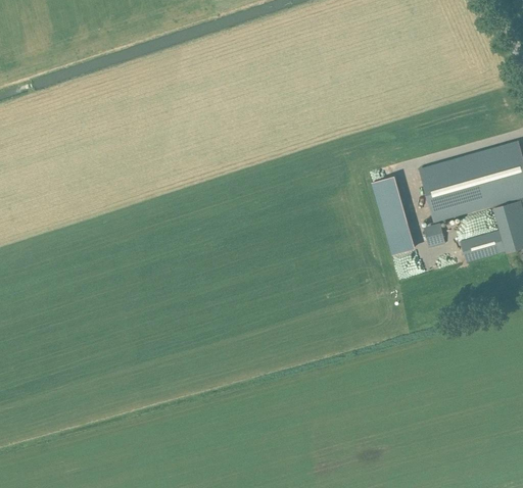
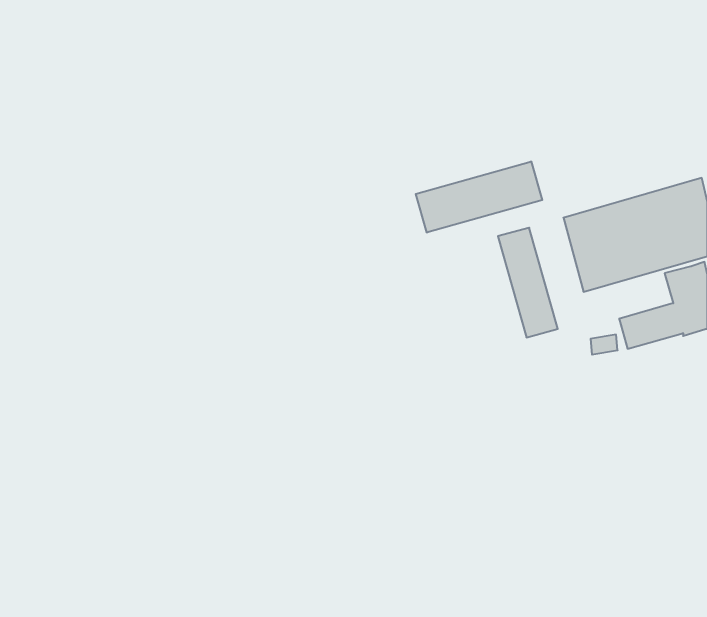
building: none -> [416,161,542,233]
building: [423,223,445,247] -> none

